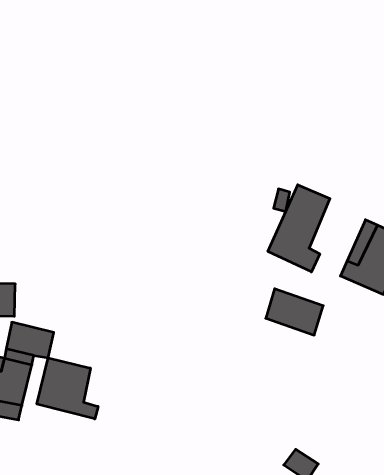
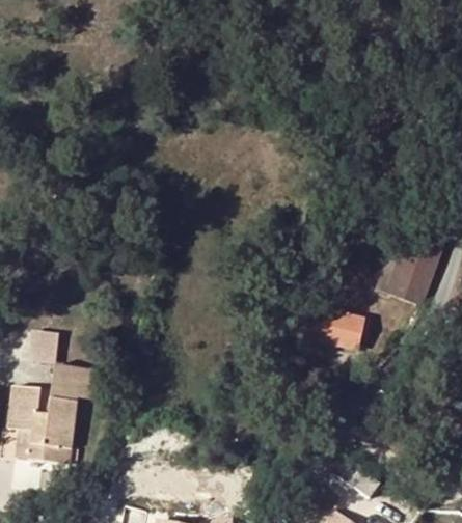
building: [268,185,330,272] -> none
building: [37,358,98,419] -> none

